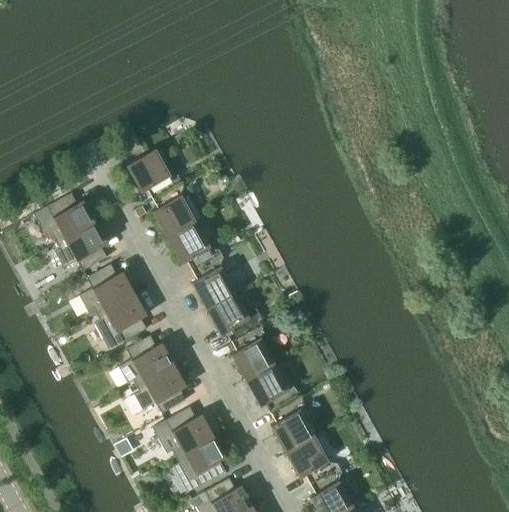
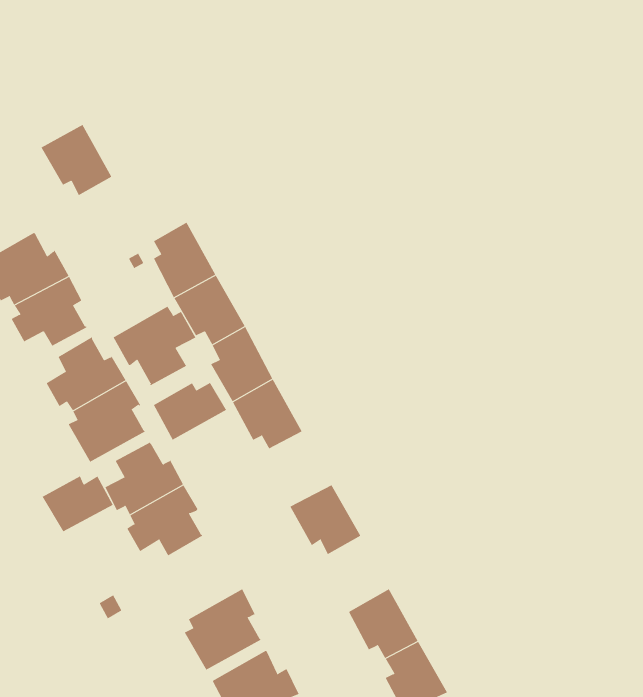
building: [127,149,176,198] -> [40,124,112,196]
building: none -> [113,306,196,386]
building: none -> [153,382,227,440]
building: [232,328,275,379] -> none
building: none -> [42,475,114,532]
building: [271,399,314,451] -> none
building: [153,406,214,456] -> none

